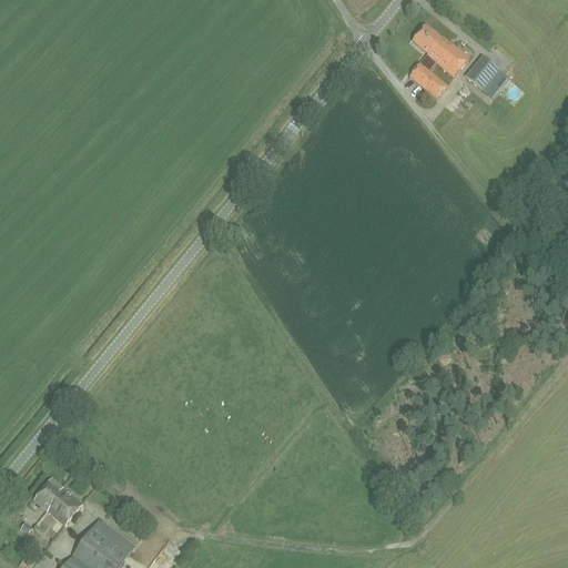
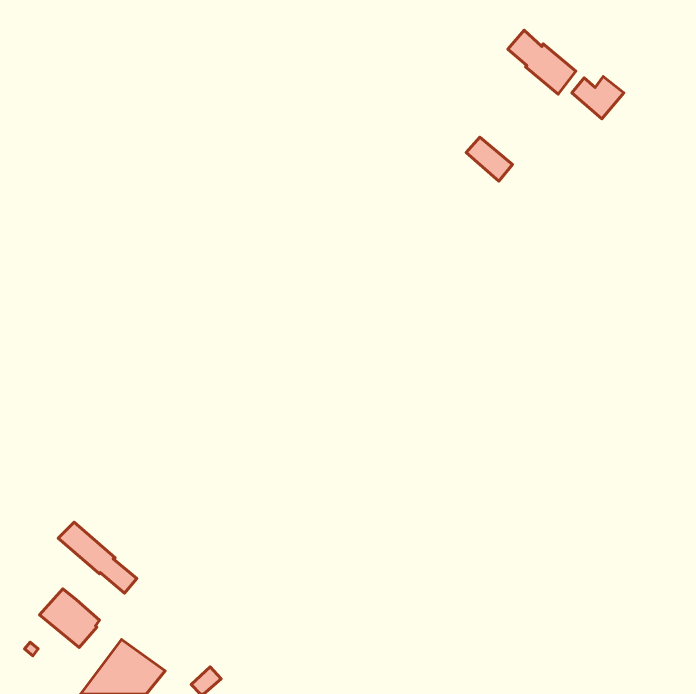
building: [408,62,446,98] -> [466,137,513,181]
building: none -> [58,522,137,593]

